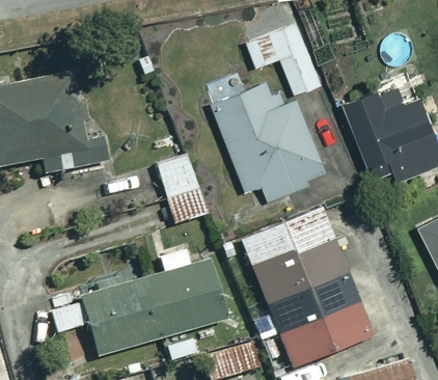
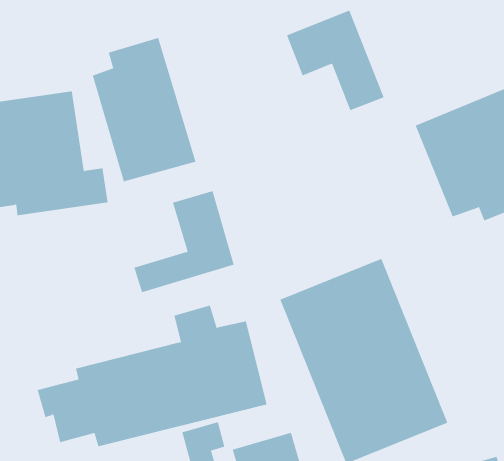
building: none -> [92,37,196,182]
building: [212,76,334,197] -> none

